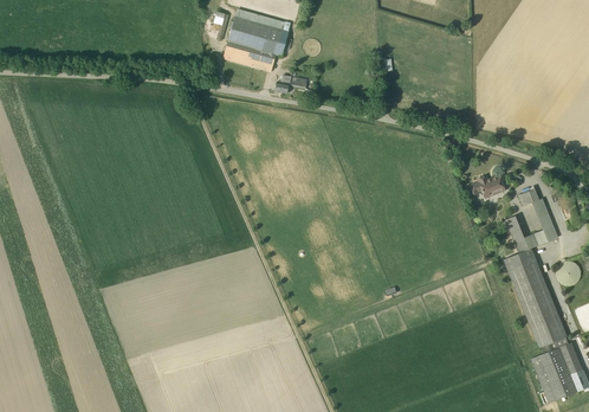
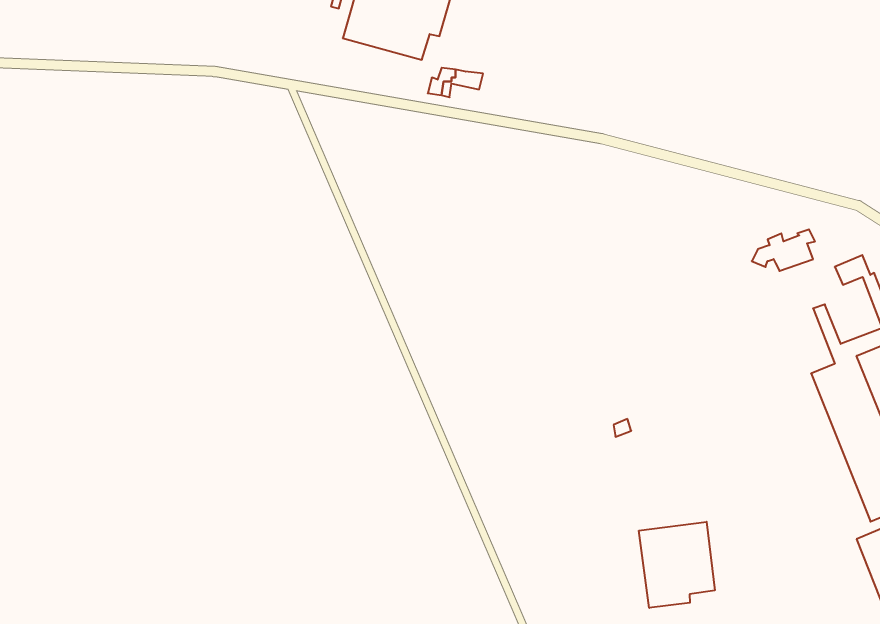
building: none -> [639,522,715,608]

